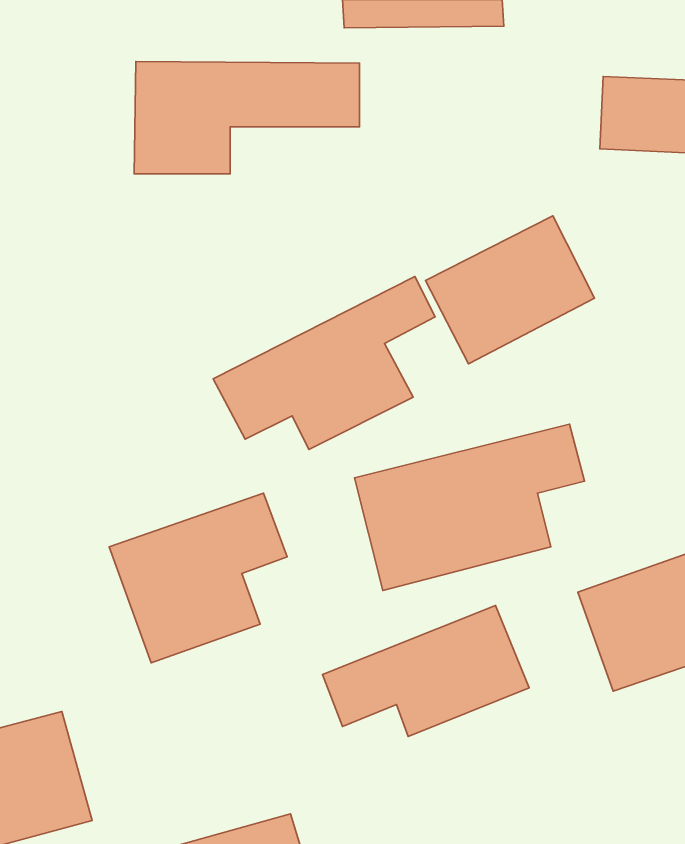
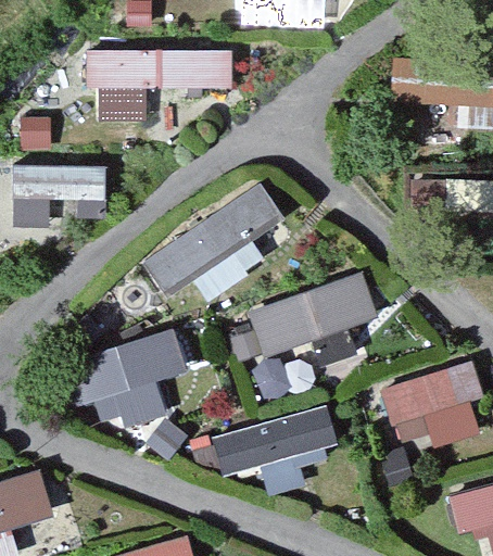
building: [426,216,594,364] -> none
building: none -> [10,165,106,227]

